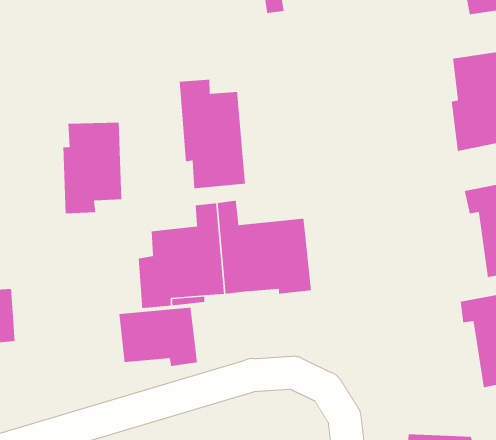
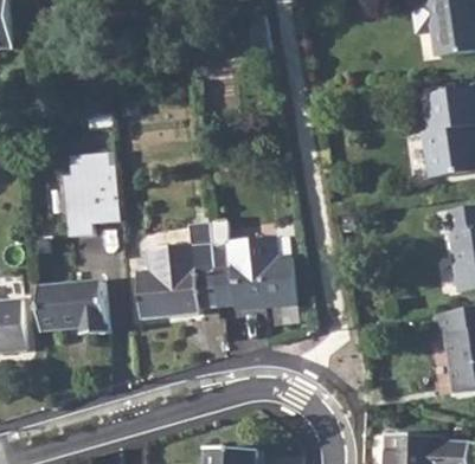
building: [179,79,246,189] -> none
building: [119,307,198,367] -> [37,282,109,336]

